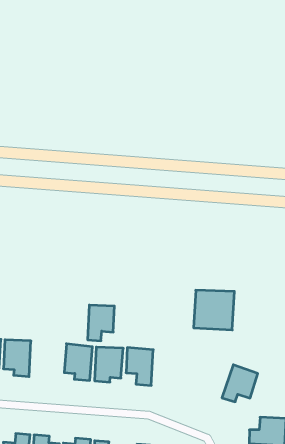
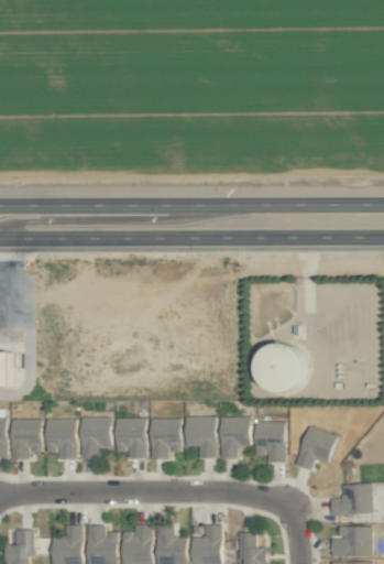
building: [88,305,114,341] -> [80,417,110,458]
building: none -> [220,417,250,458]
building: none -> [254,422,285,463]

